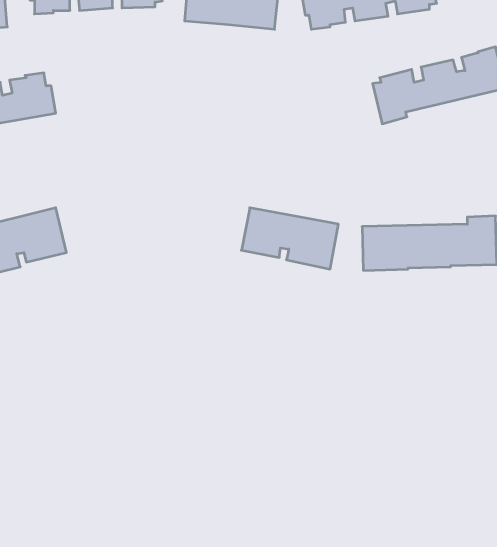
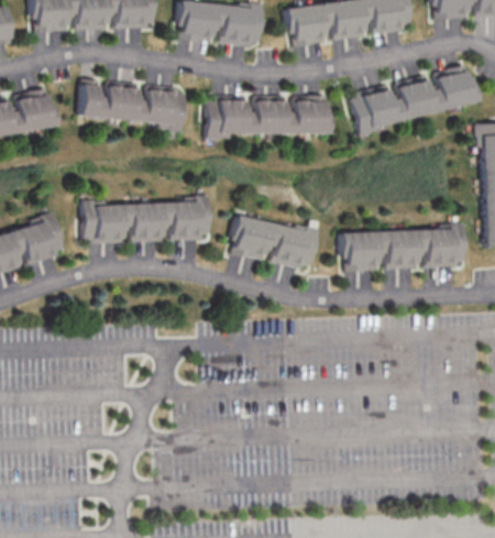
building: none -> [79,79,186,128]
building: none -> [207,96,330,140]
building: none -> [83,196,210,245]

